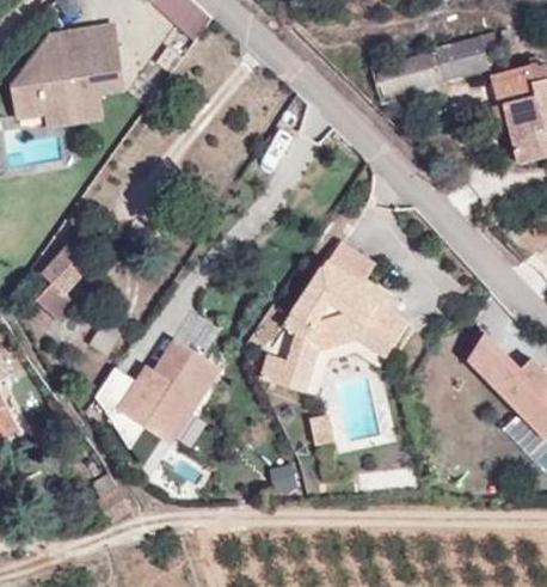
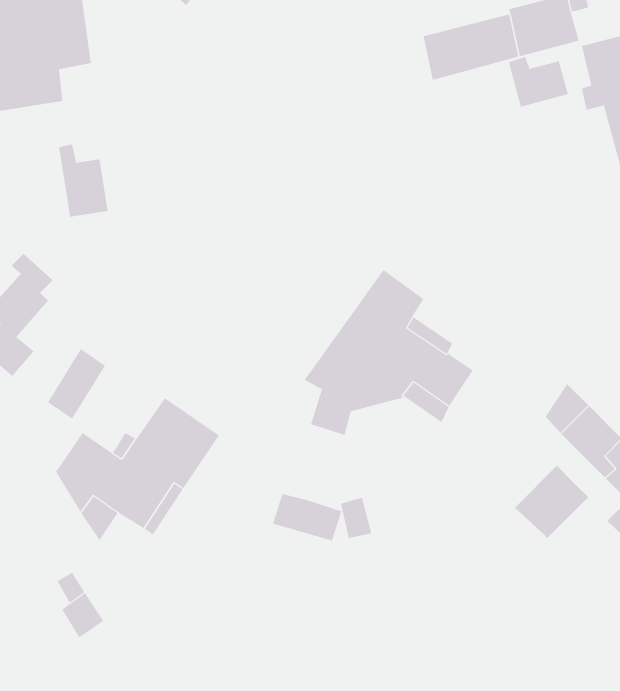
building: none -> [508,56,568,107]
building: none -> [59,143,108,218]
building: [260,354,313,390] -> [272,494,342,541]
building: none -> [514,465,589,539]

